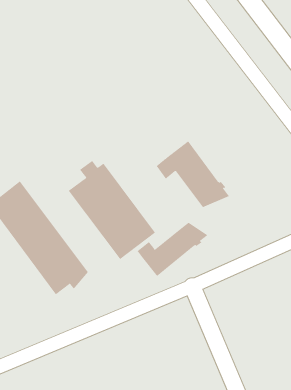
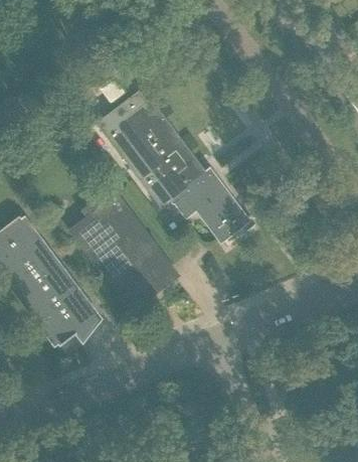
building: none -> [102,94,216,211]
building: [137,222,208,277] -> none

